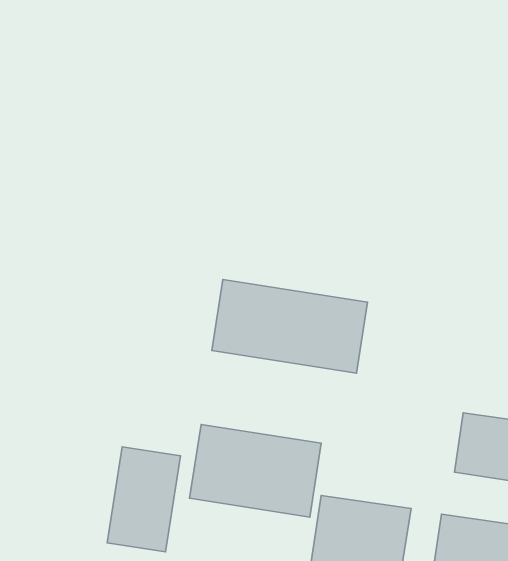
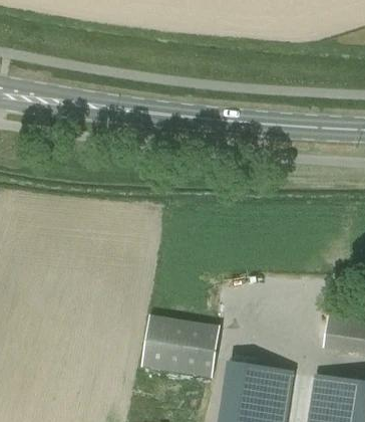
building: [212,279,368,373] -> none
building: [107,447,180,552] -> none

